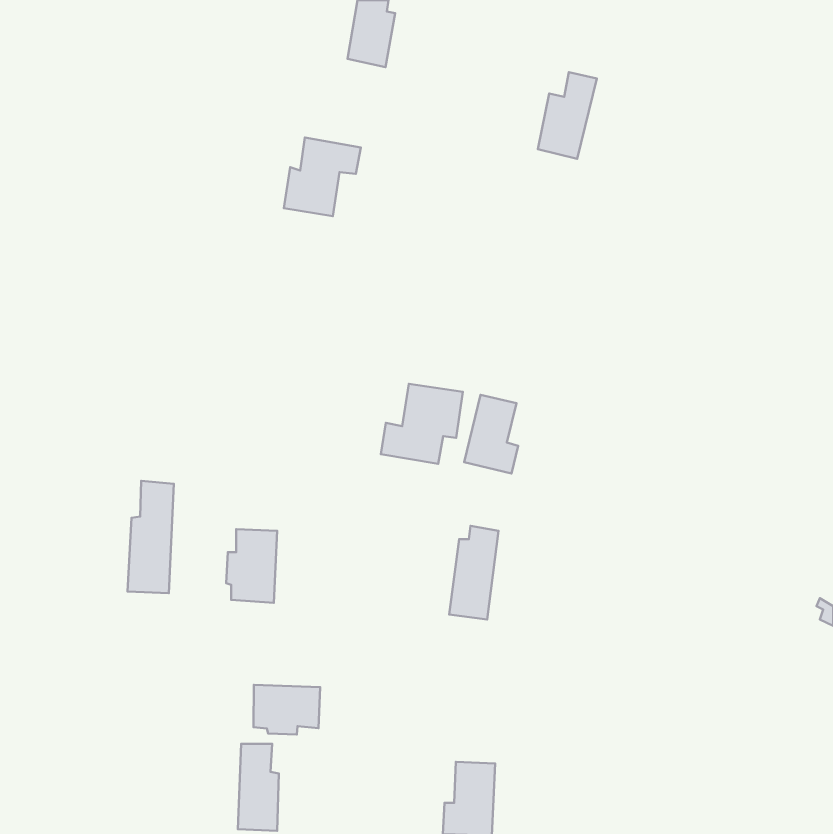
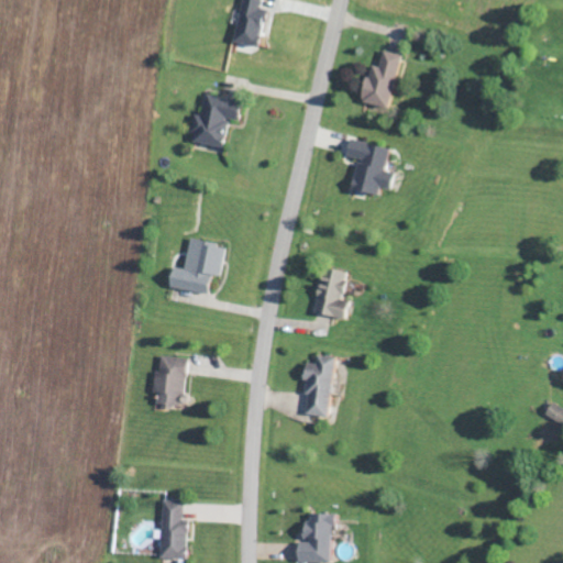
building: none -> [345,139,394,196]
building: [381,384,463,464] -> [169,241,224,295]
building: [127,481,174,593] -> none
building: [253,685,320,734] -> none

